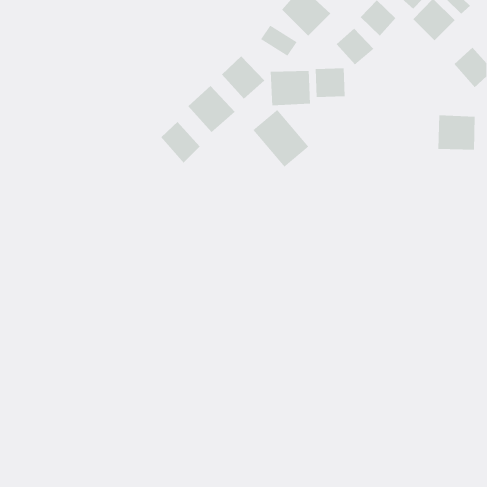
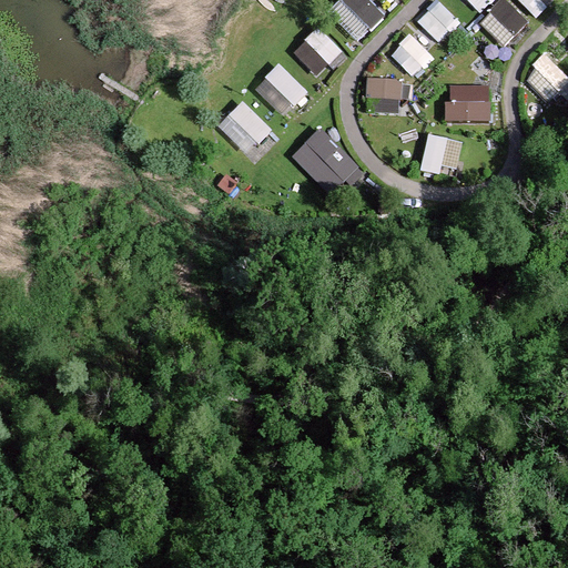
building: [270,70,310,106] -> none
building: [437,115,476,150] -> [448,82,493,123]
building: none -> [422,133,460,171]
building: [160,121,201,164] -> none

